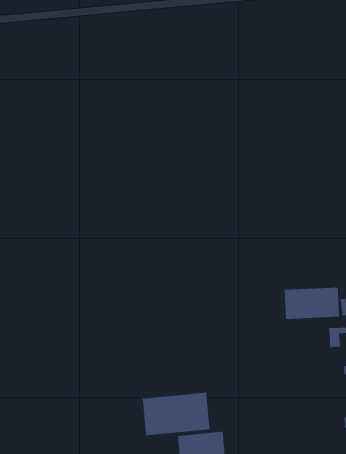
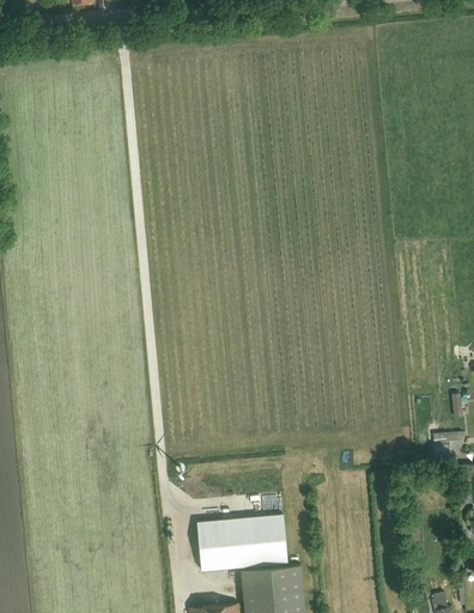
building: [284,287,340,320] -> none

